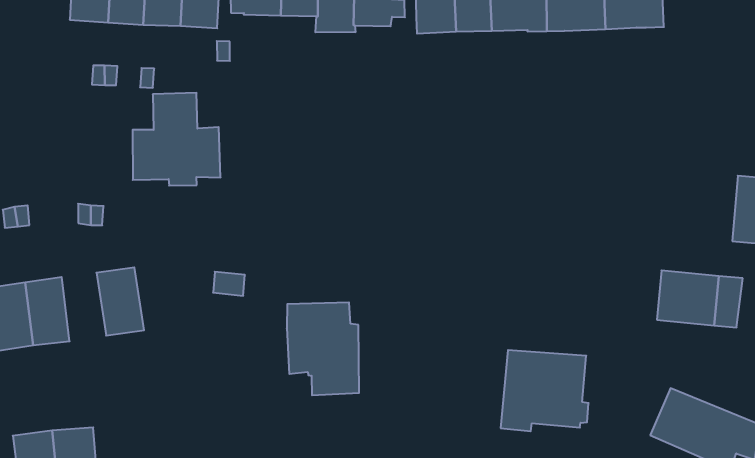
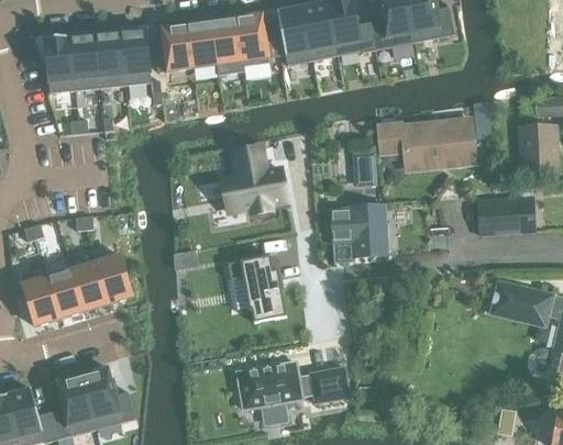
building: [133,93,221,186] -> [222,146,287,212]
building: none -> [377,115,474,165]
building: none -> [352,152,376,186]
building: none -> [71,262,108,311]
building: [501,350,589,431] -> [330,204,391,263]

